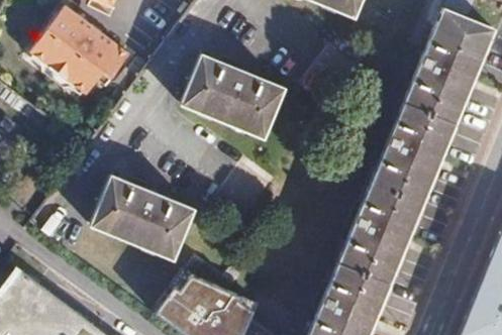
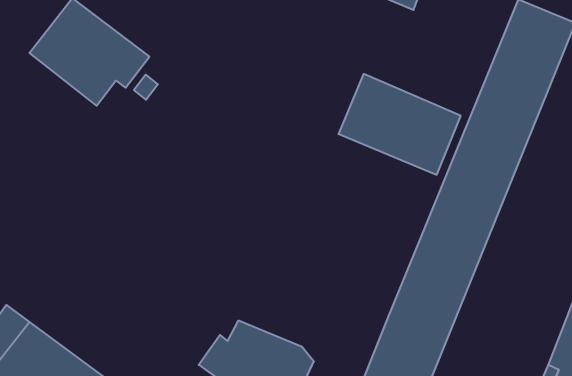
building: [181,54,284,139] -> [338,74,461,175]
building: [92,178,193,260] -> none

